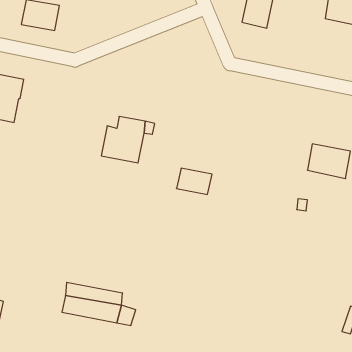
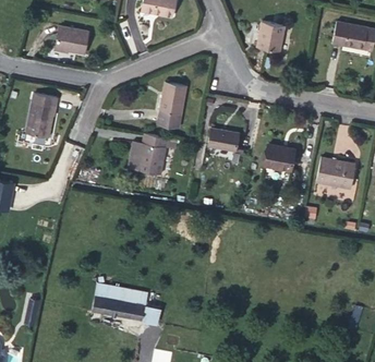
building: none -> [157,82,186,128]
building: none -> [265,143,294,170]
building: [176,168,212,194] -> [207,126,240,150]

